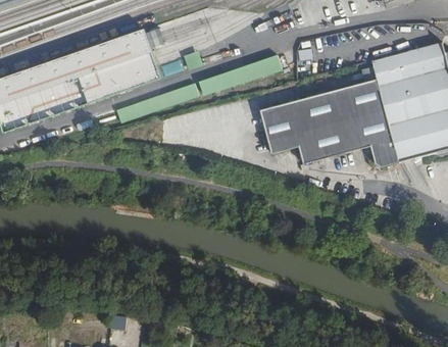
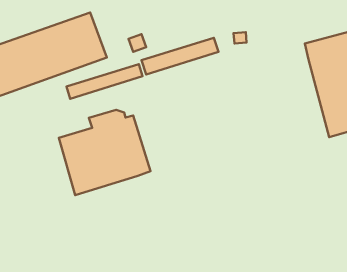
building: [257,80,397,168] -> none
building: none -> [59,110,151,195]

